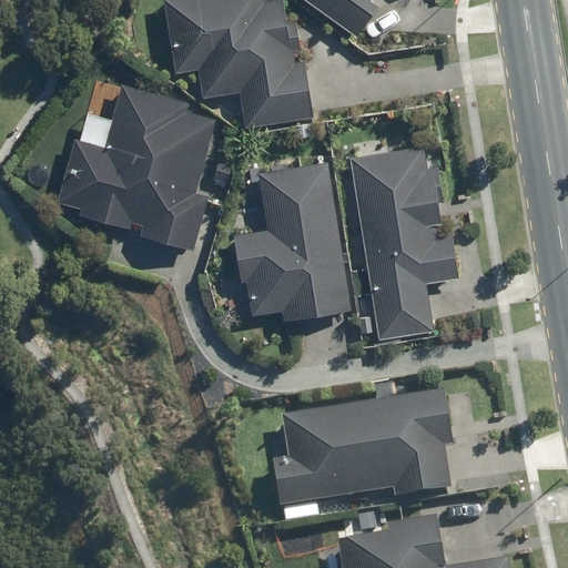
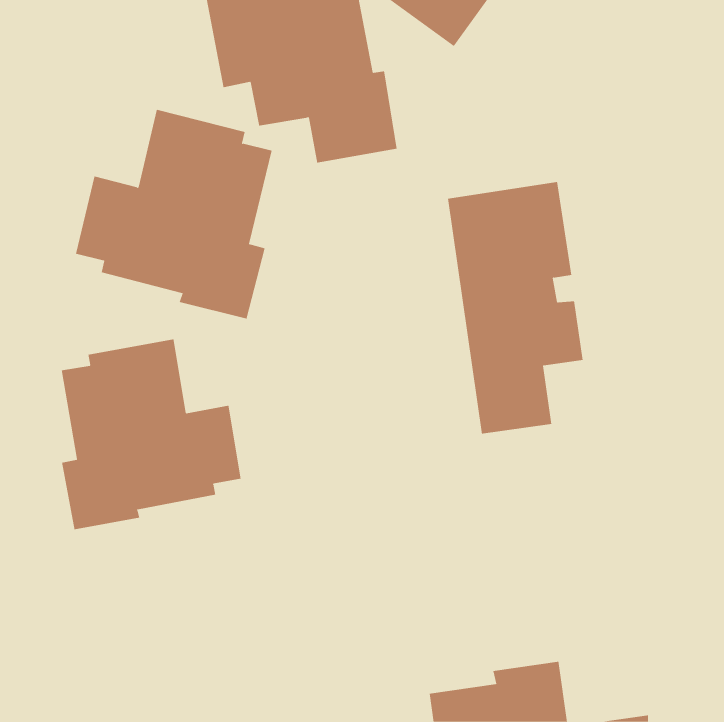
building: [231,156,355,321] -> none
building: none -> [61,338,241,530]
building: [271,389,453,506] -> none

